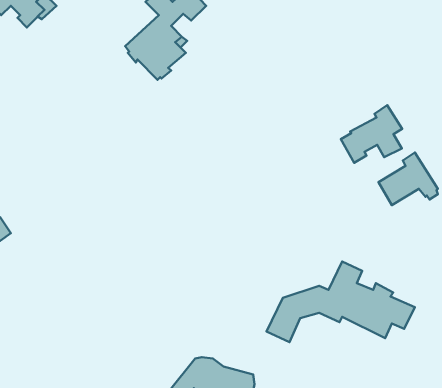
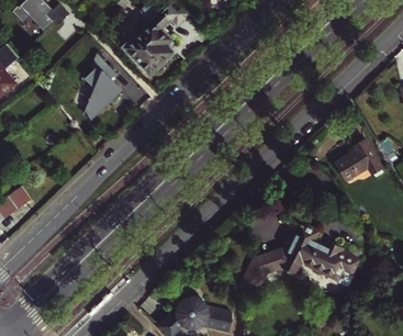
building: none -> [83,55,120,115]
building: [341,105,402,163] -> none

